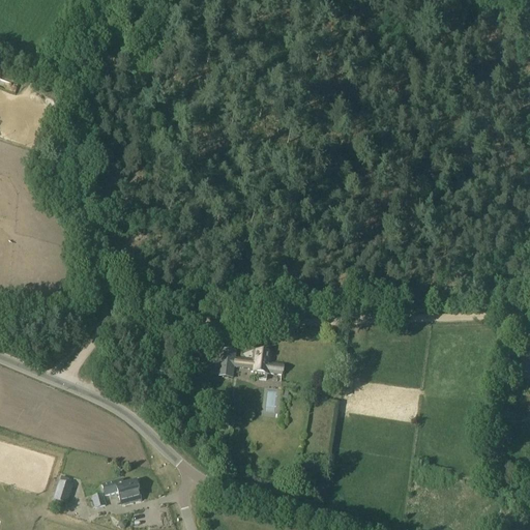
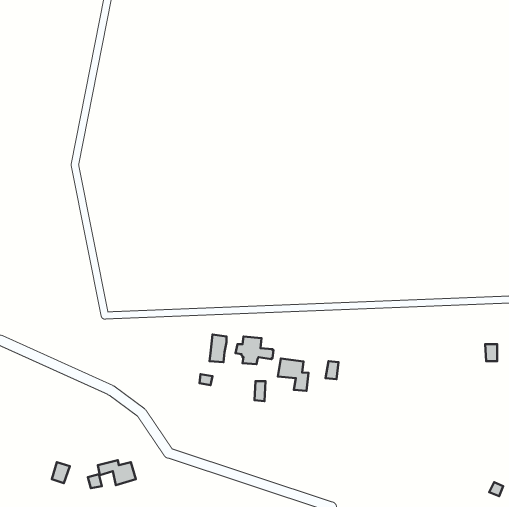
building: none -> [278,359,309,391]

